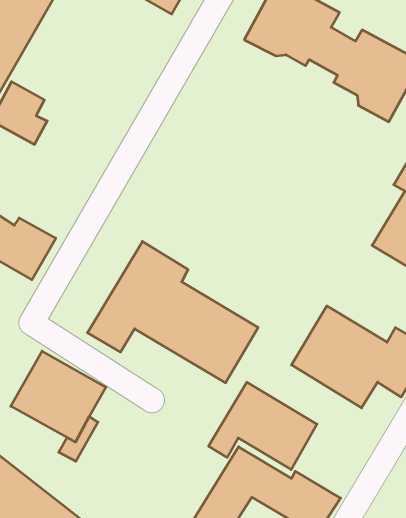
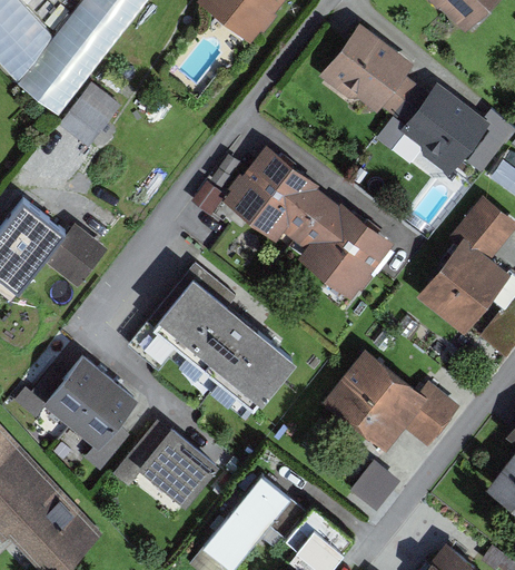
building: none -> [189,145,394,302]
building: [209,382,317,470] -> [109,417,218,509]
building: none -> [344,459,393,509]

